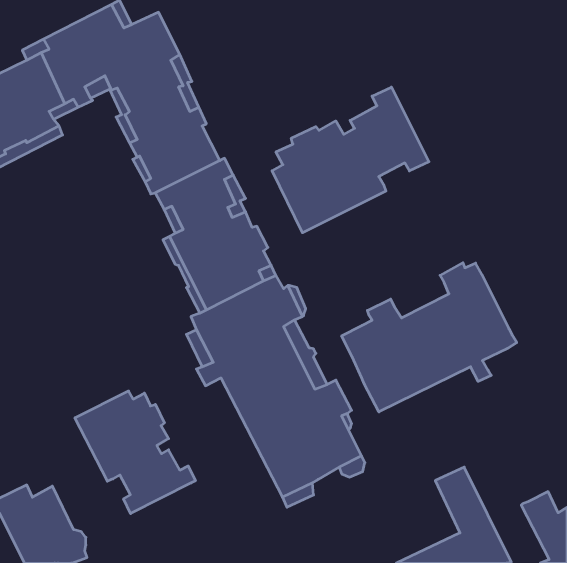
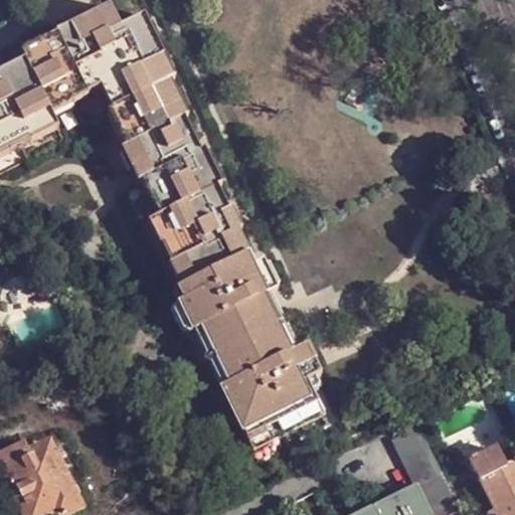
building: [272,87,429,233] -> none
building: [342,263,517,412] -> none
building: [75,391,195,514] -> none

